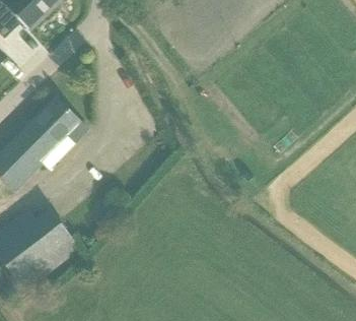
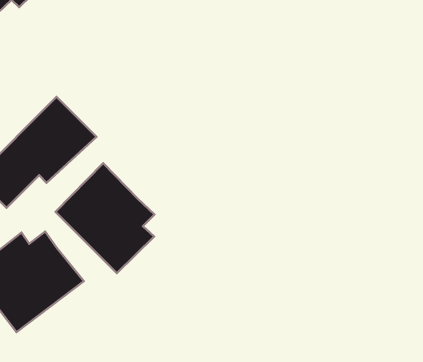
building: none -> [55,163,154,273]

